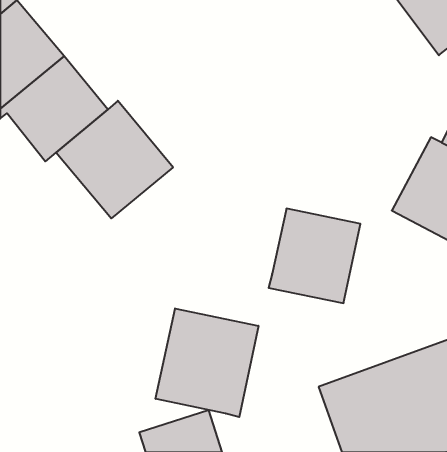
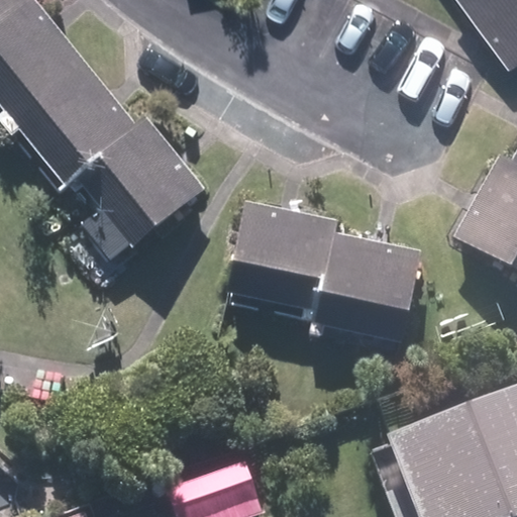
building: none -> [226,203,336,310]
building: [156,308,258,417] -> none

